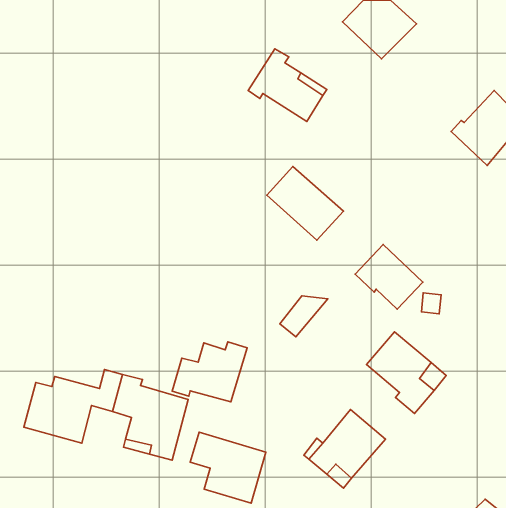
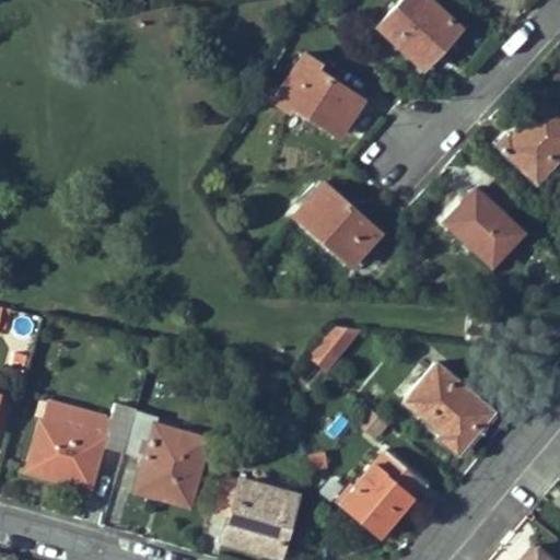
building: [355,244,423,309] -> [446,190,521,261]
building: [172,342,247,402] -> none

